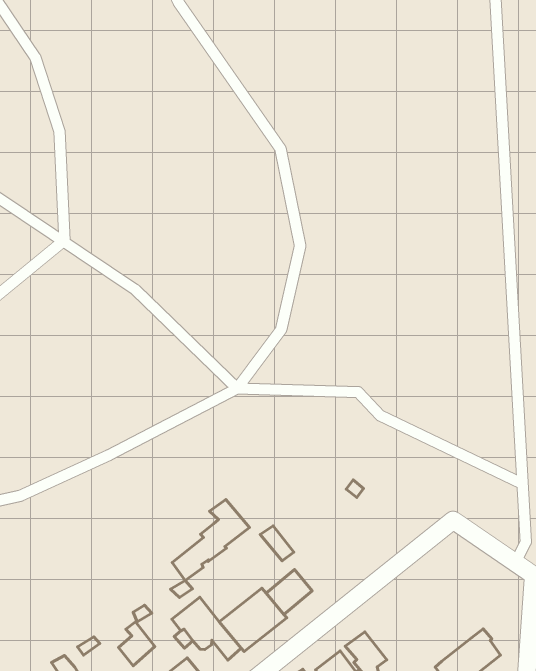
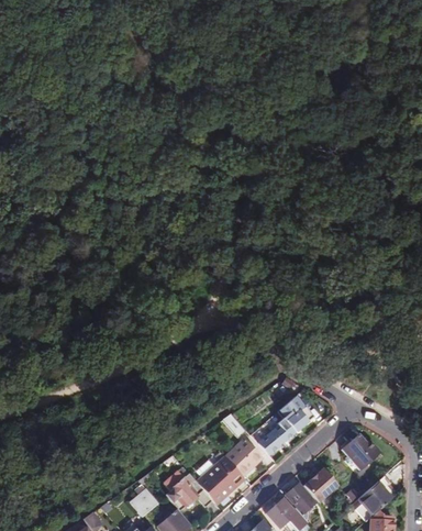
building: [172,500,250,581] -> [257,397,310,455]
building: none -> [341,432,379,468]
building: none -> [303,467,335,499]

